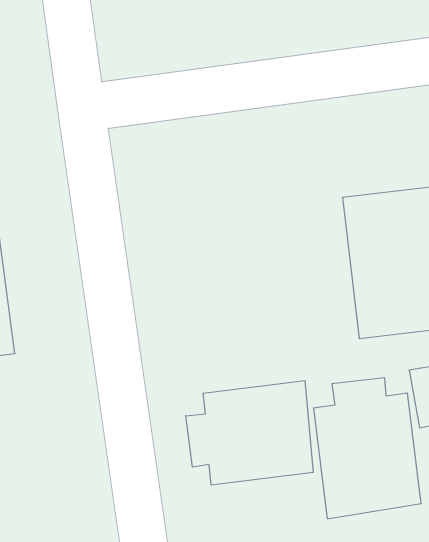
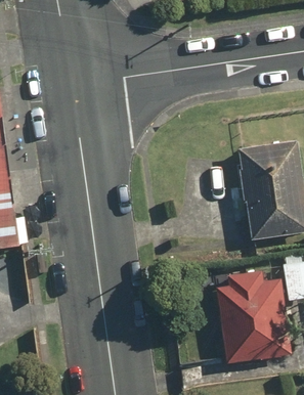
building: [186,381,313,485] -> none

